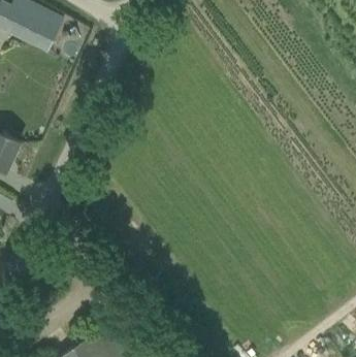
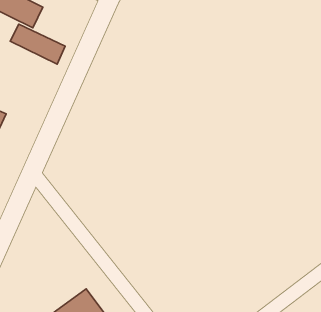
building: none -> [10,24,65,64]

